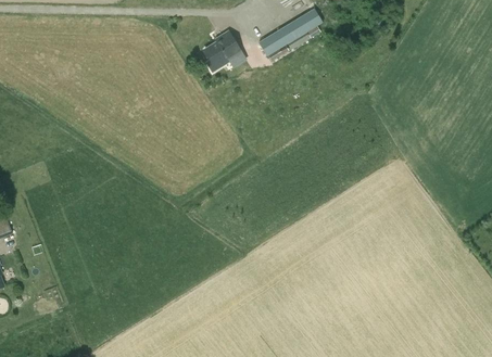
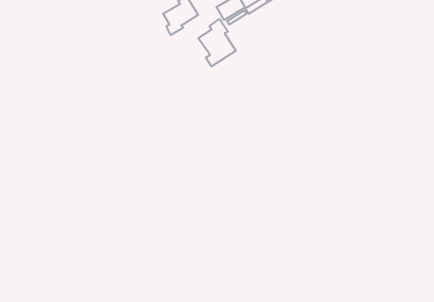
building: none -> [198,19,236,66]

